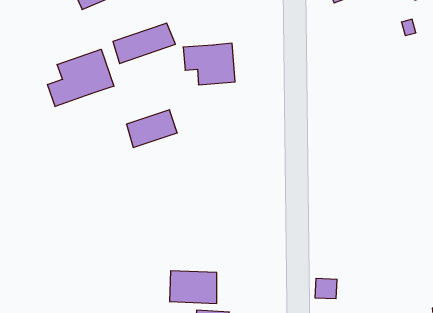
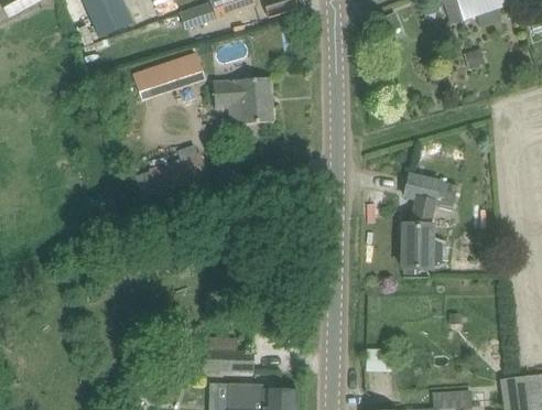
building: [48,49,114,107] -> none
building: none -> [401,174,456,269]

